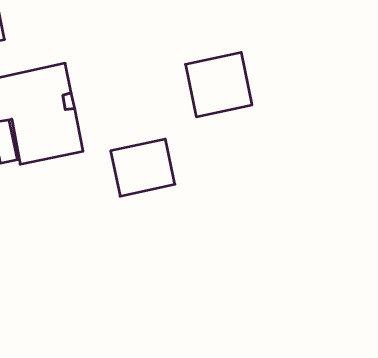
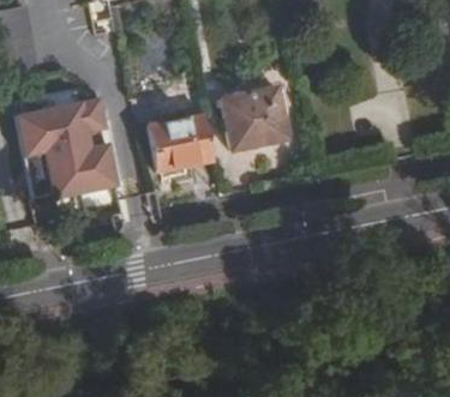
building: [111,139,175,196] -> [149,112,214,169]

